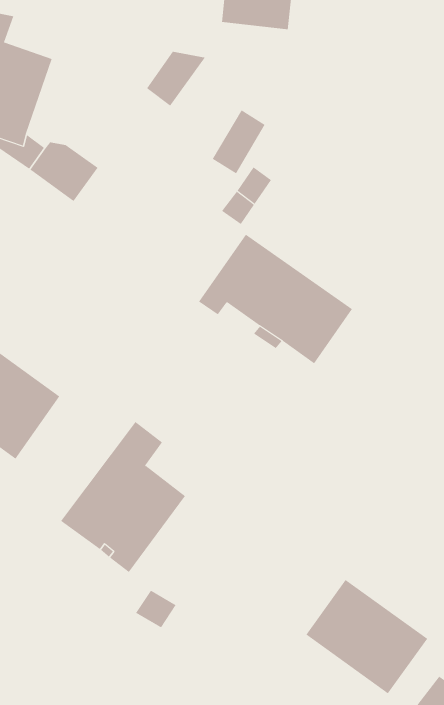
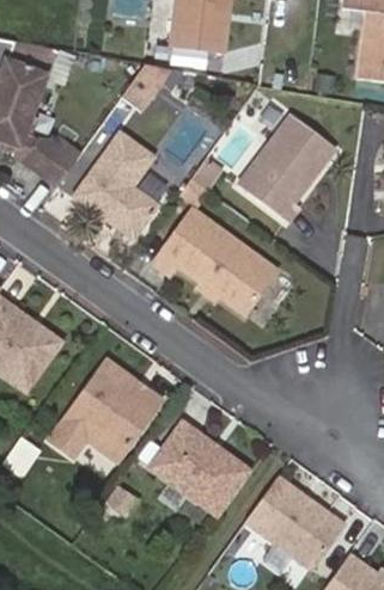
building: none -> [242,110,339,219]
building: none -> [68,128,154,238]
building: none -> [148,423,250,518]

